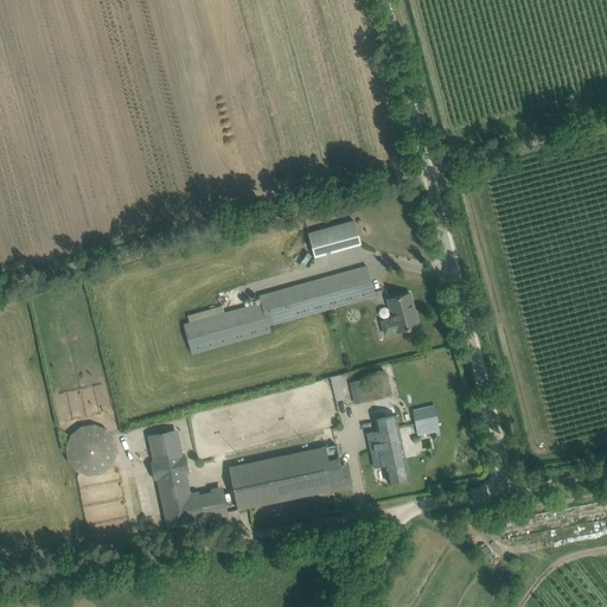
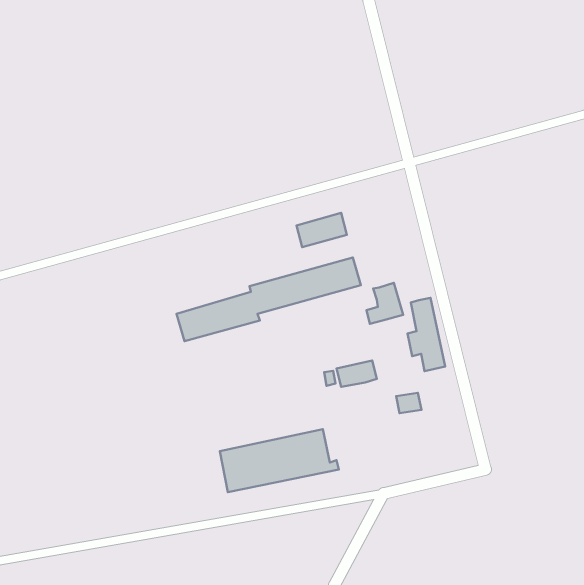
building: [369,407,408,483] -> [407,298,445,371]
building: [65,426,115,474] -> none
building: [146,429,228,529] -> none

